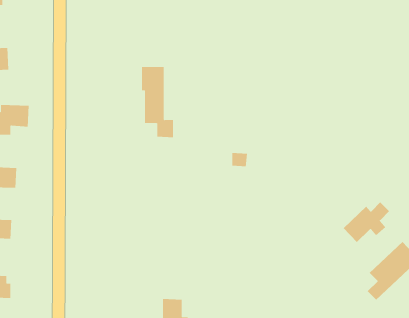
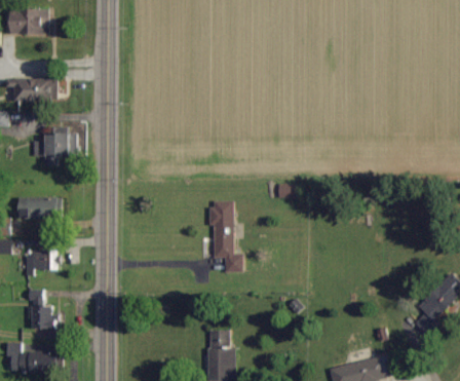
building: [141,66,174,138] -> [209,200,242,272]
building: [343,202,390,243] -> none

